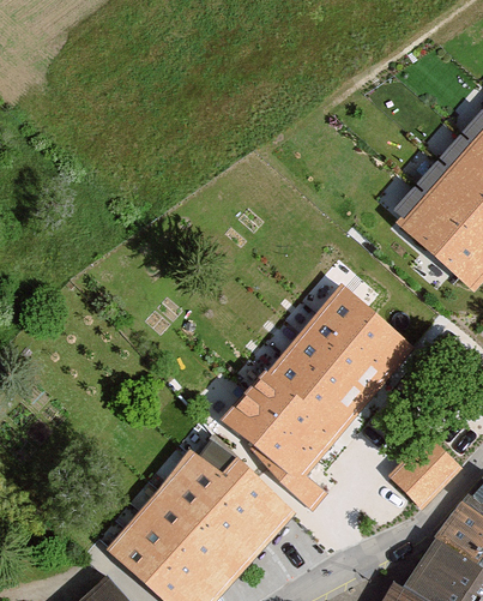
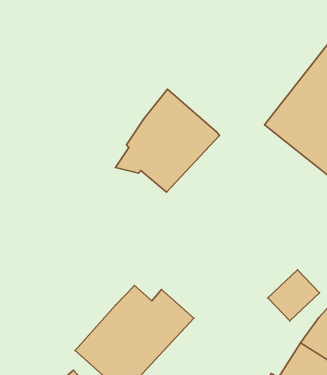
building: none -> [115,89,219,192]
building: [225,286,412,505] -> none

